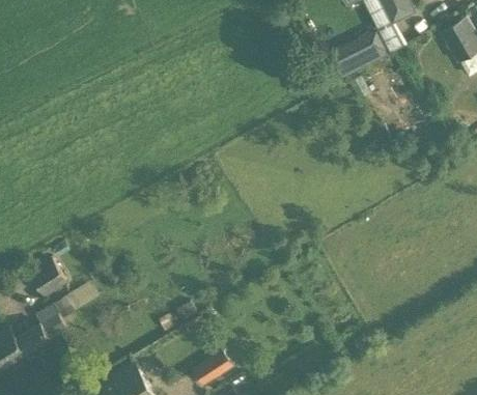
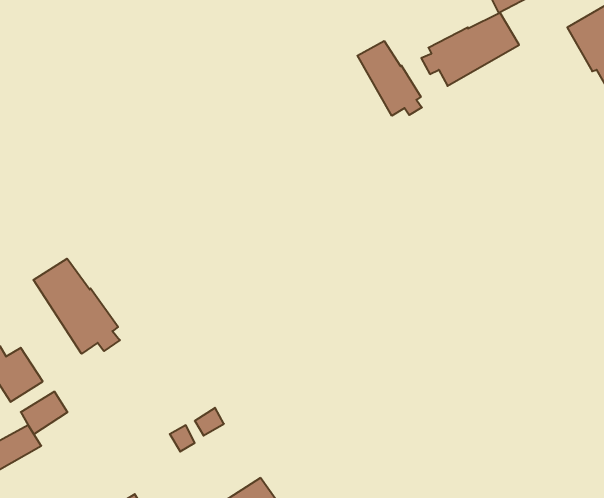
building: none -> [357,41,422,116]
building: none -> [33,259,120,354]

